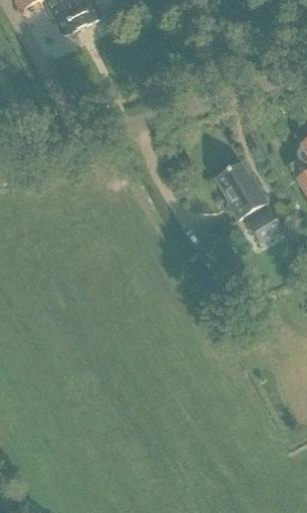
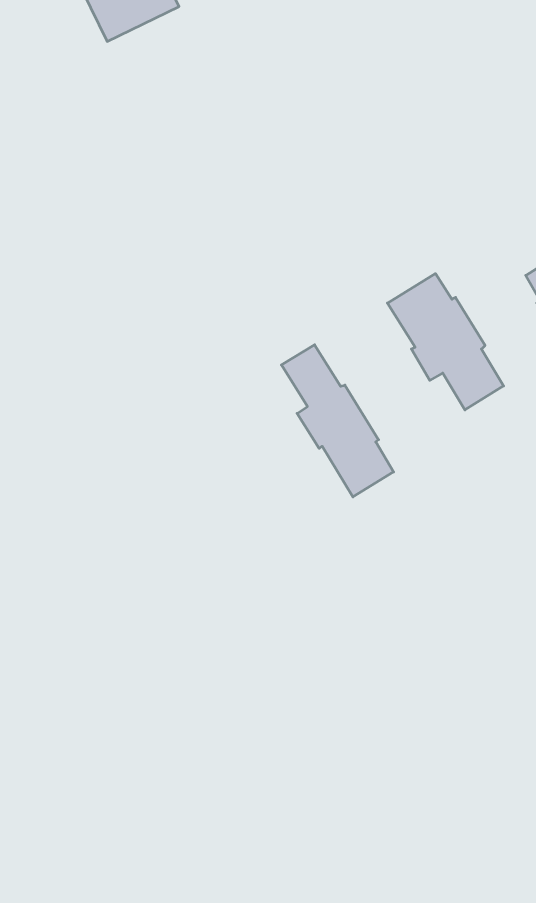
building: none -> [281,345,394,497]

